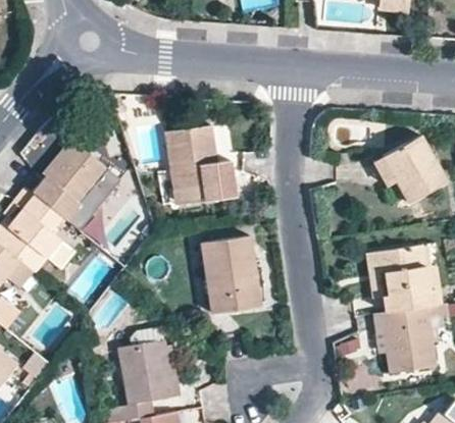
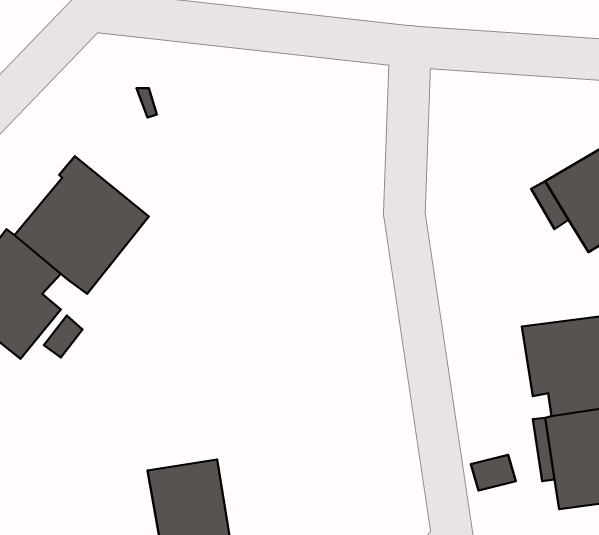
building: [166,124,237,204] -> none
building: [203,234,267,313] -> none

